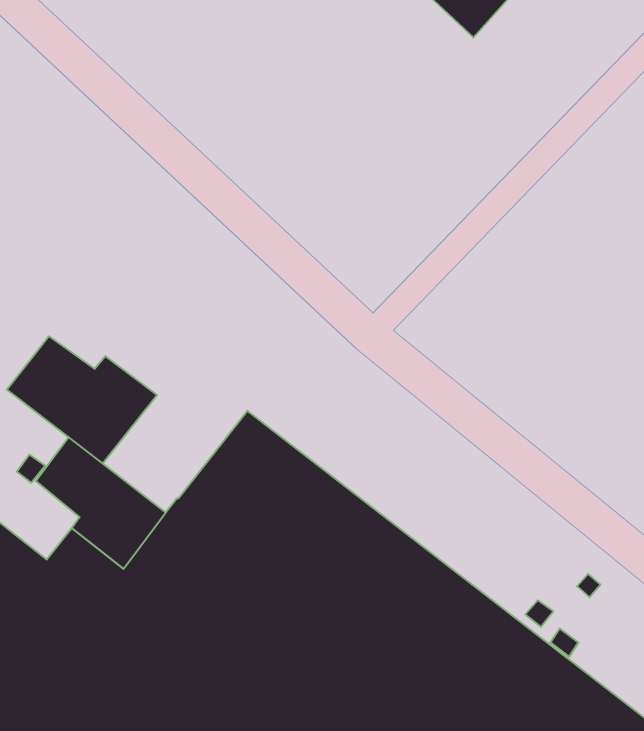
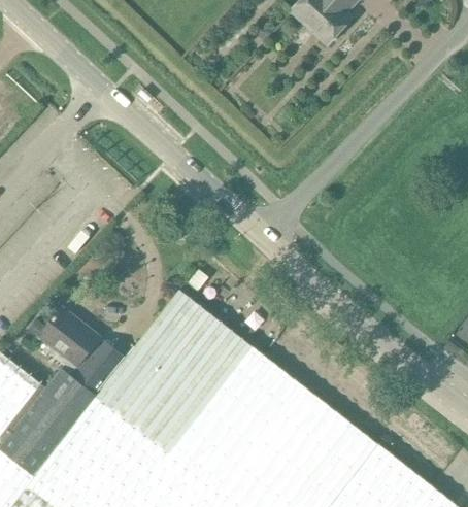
building: [7,336,157,464] -> none

